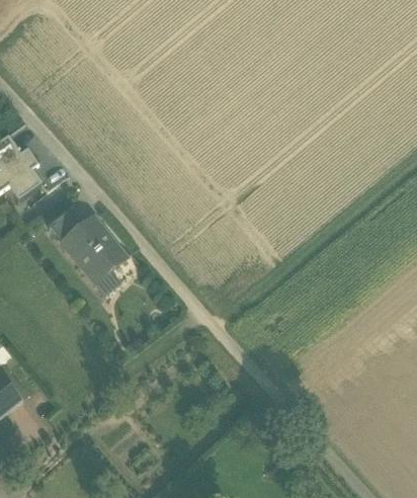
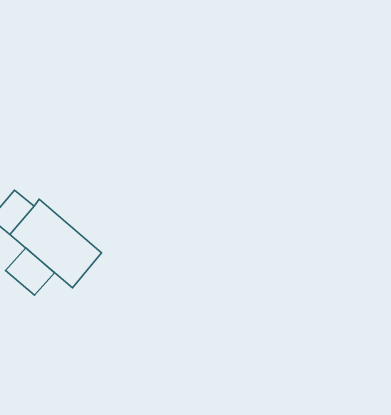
building: none -> [6,248,55,295]

